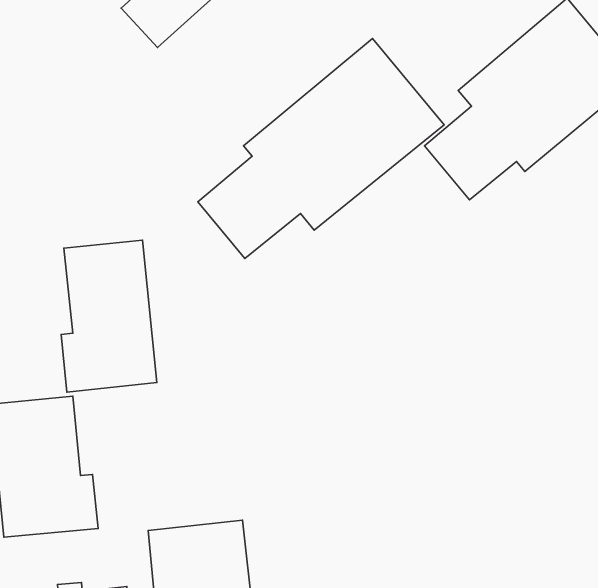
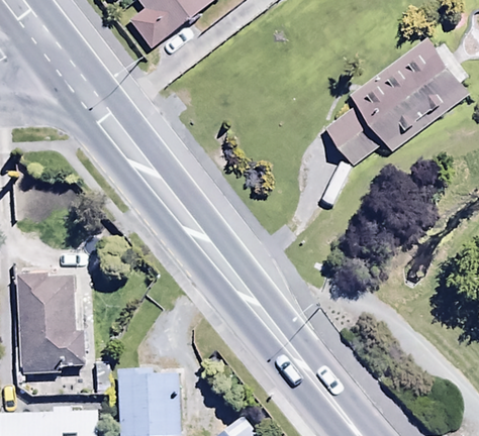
building: [198,39,444,258] -> none
building: [61,240,157,392] -> none

